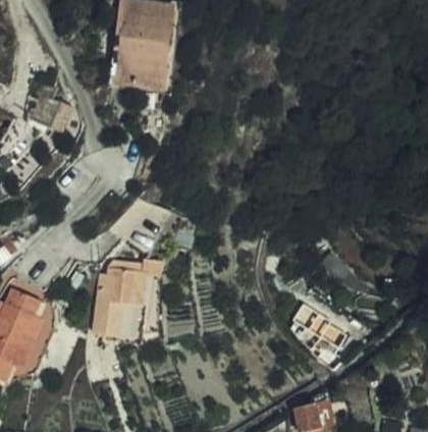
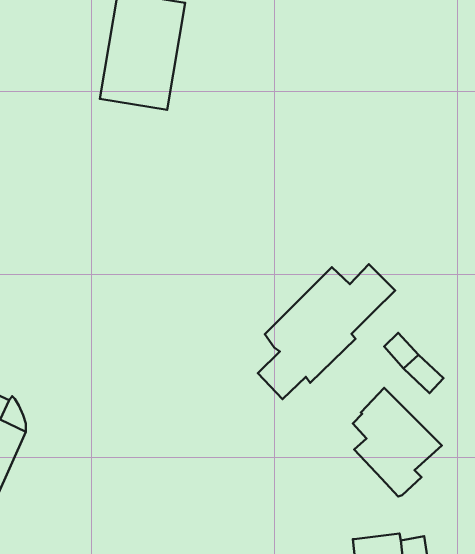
building: none -> [258,264,395,399]
building: [93,258,160,344] -> none

